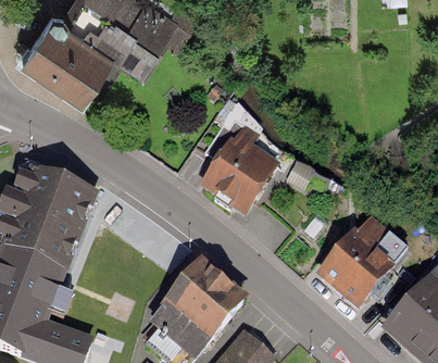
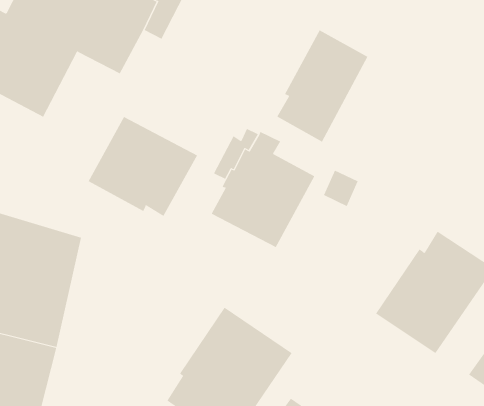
building: none -> [276,30,368,142]
building: none -> [88,116,198,217]

